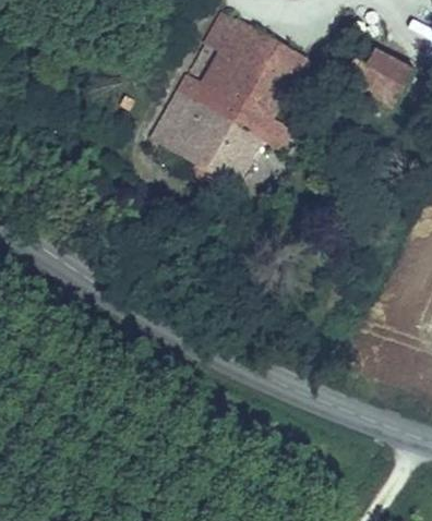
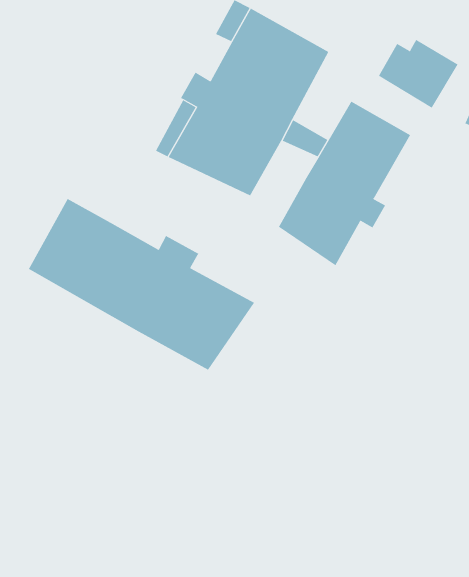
building: none -> [278,101,411,266]
building: none -> [28,198,255,370]

